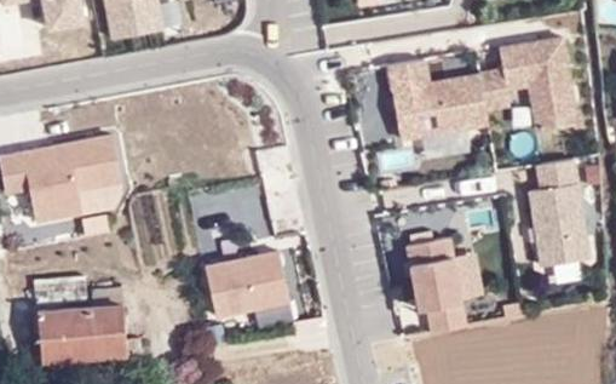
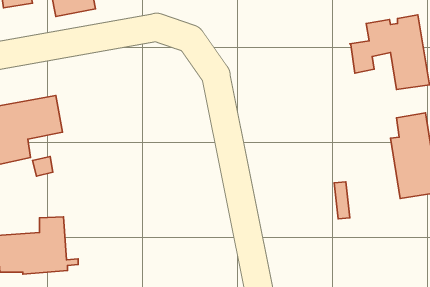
building: [388,59,488,138] -> none
building: [407,236,464,331] -> none
building: [205,252,289,319] -> none

